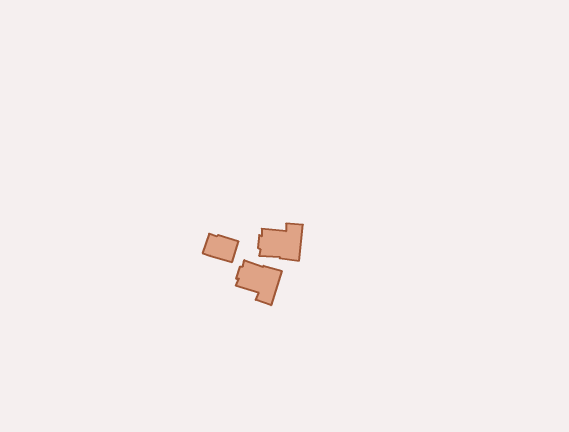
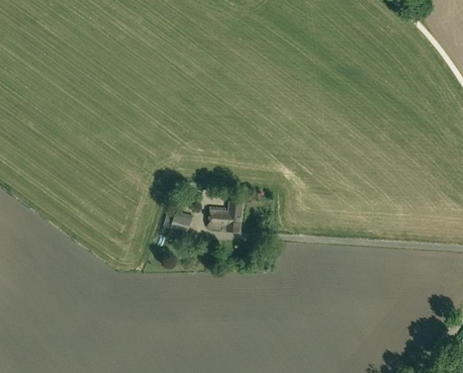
building: [236,260,282,305] -> none

